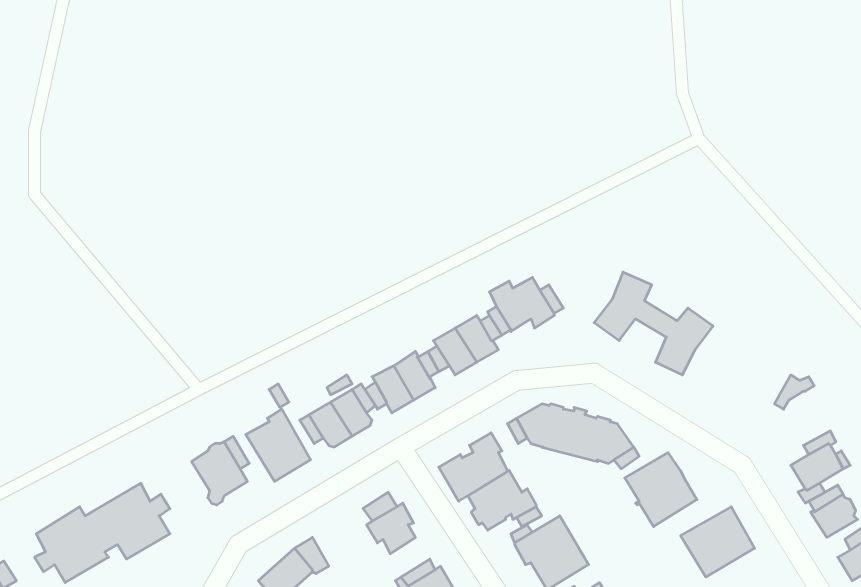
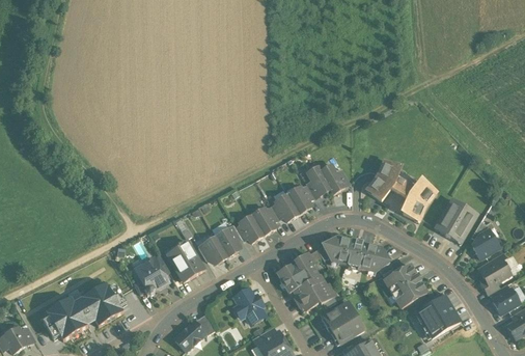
building: none -> [437,199,475,240]
building: none -> [471,229,498,258]

